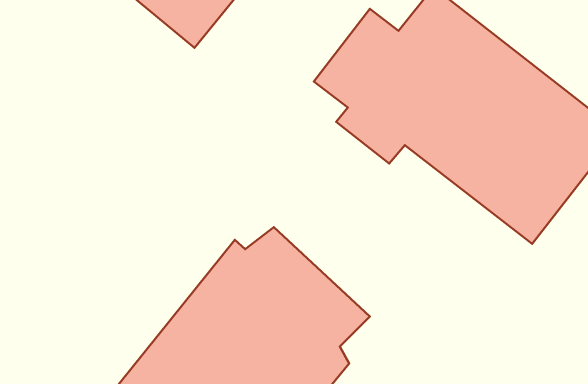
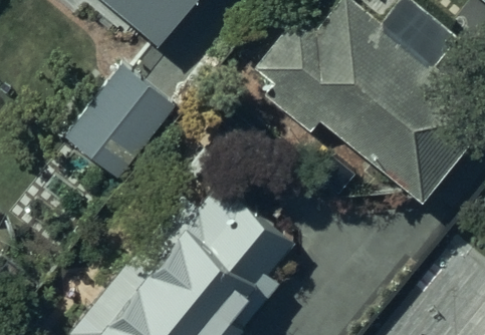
building: none -> [65,66,181,184]

